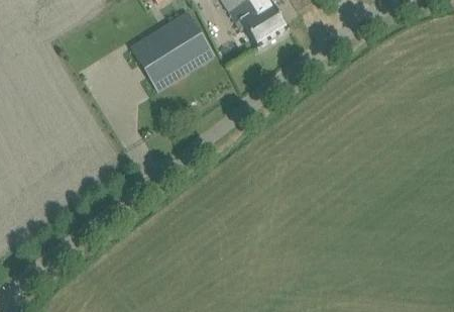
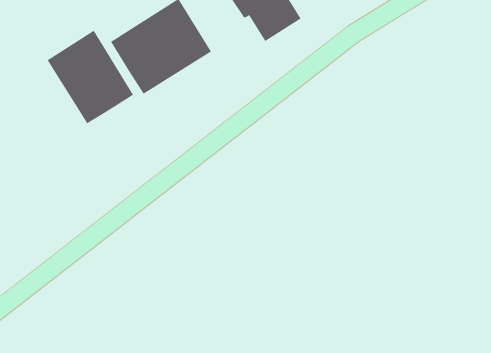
building: none -> [47,30,134,124]

